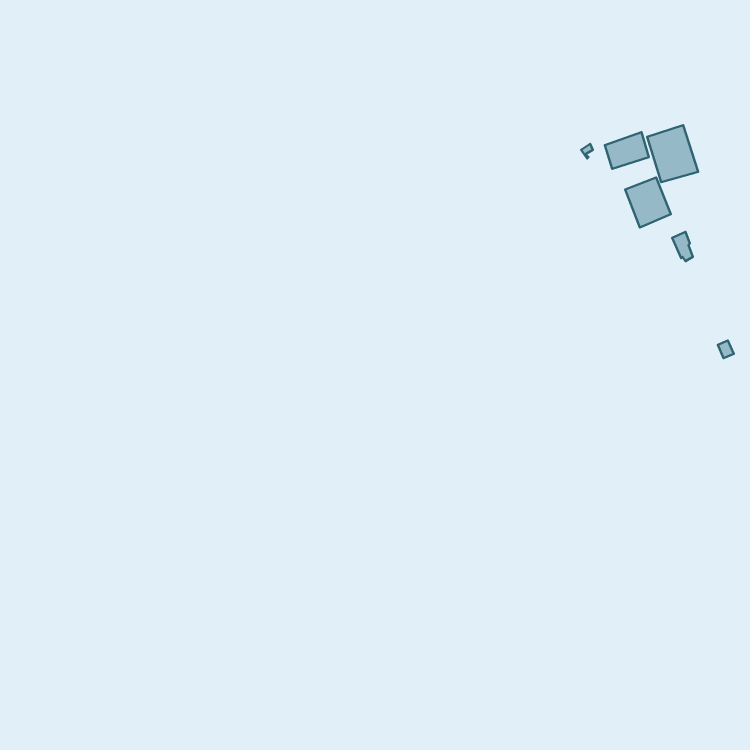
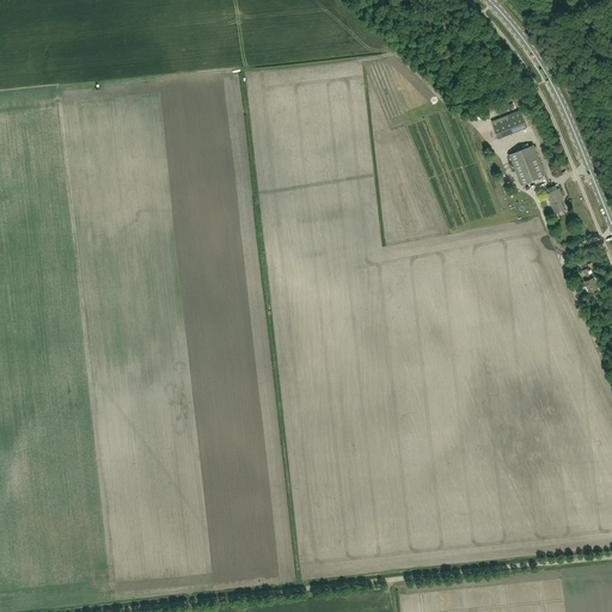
building: [647,125,698,182] -> none

